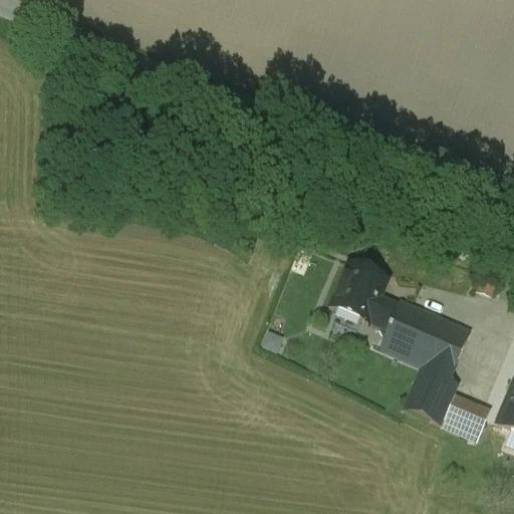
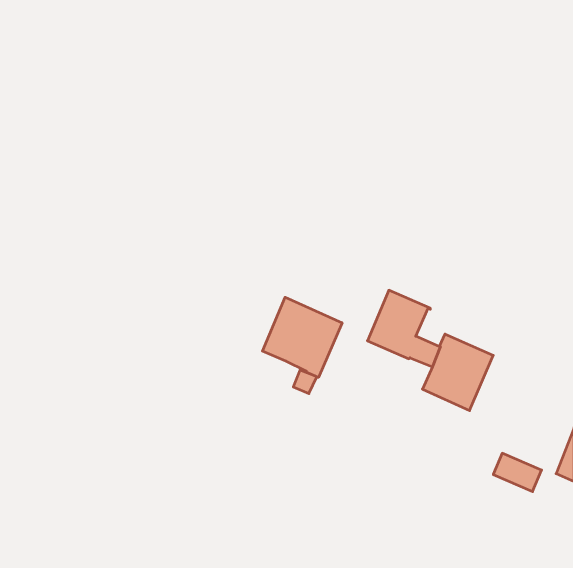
building: none -> [262,297,342,377]
building: [404,317,470,423] -> none

